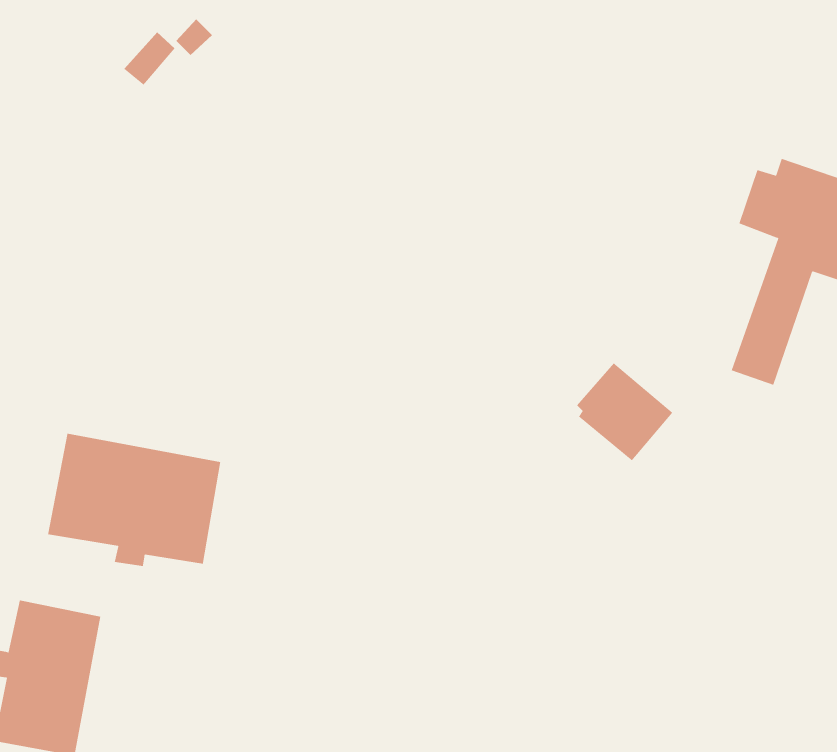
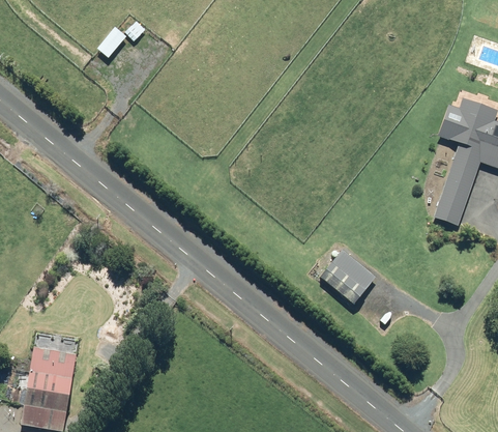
building: [576,362,673,461] -> [321,249,375,304]
building: [48,433,221,567] -> none

